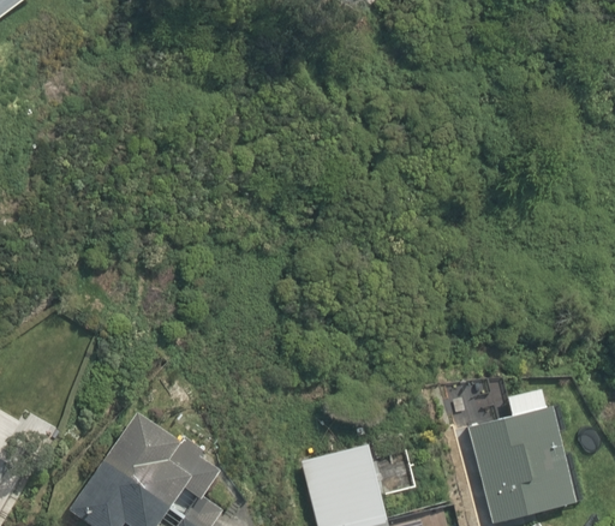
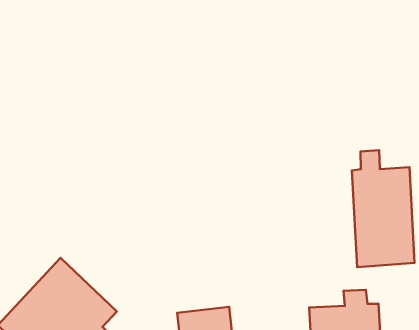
building: none -> [352,150,415,267]

